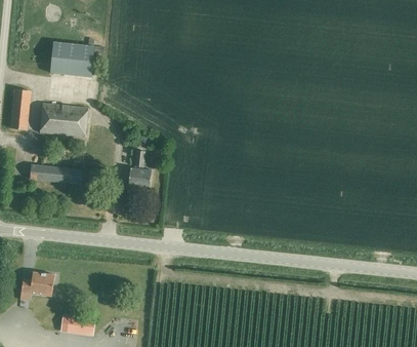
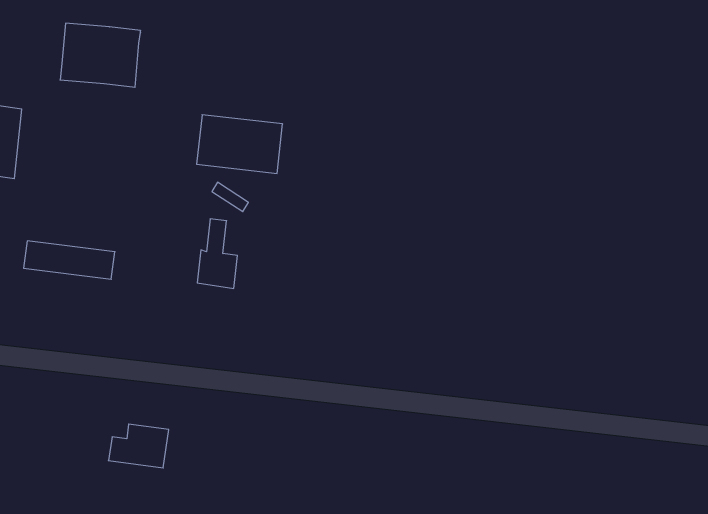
building: [39,103,87,136] -> [197,115,283,173]
building: [22,271,55,296] -> [108,424,169,468]

